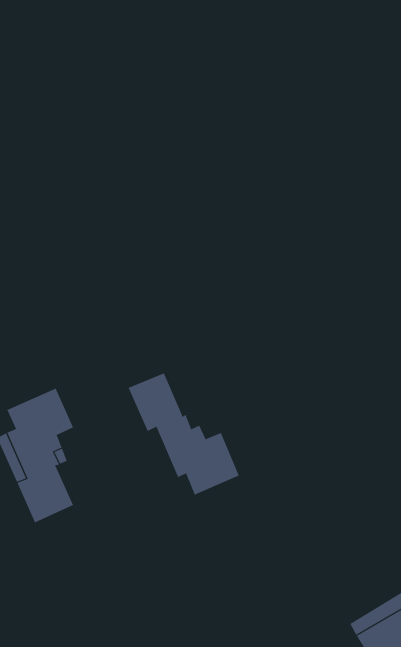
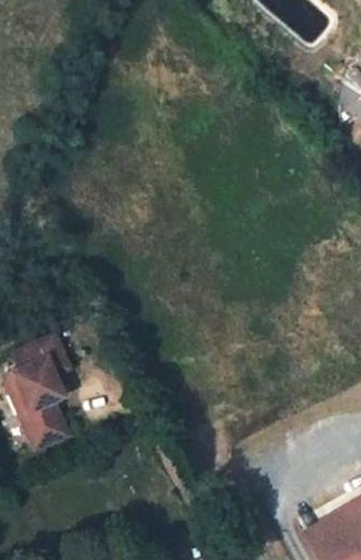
building: [128,372,240,495] -> none

